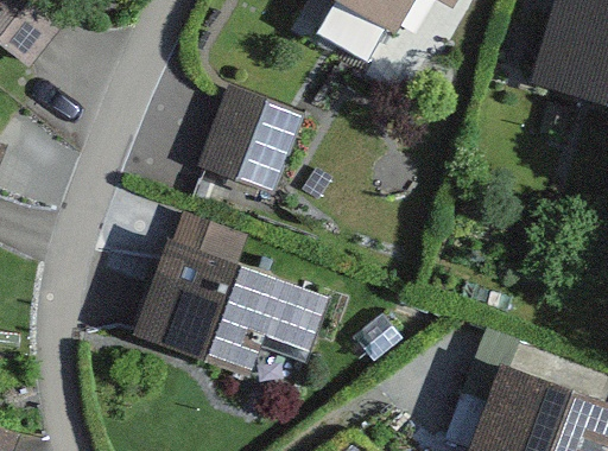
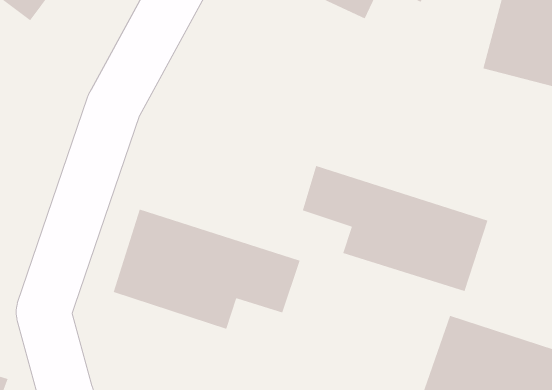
building: [202,88,311,201] -> none
building: none -> [302,165,488,292]

